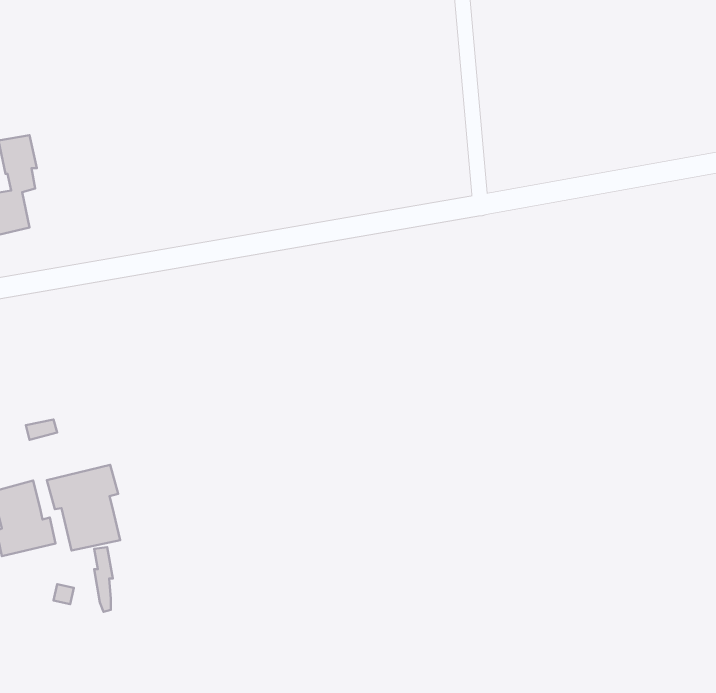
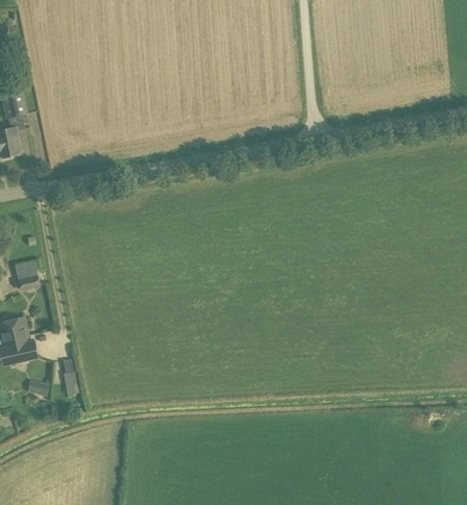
building: [47,465,120,551] -> none

